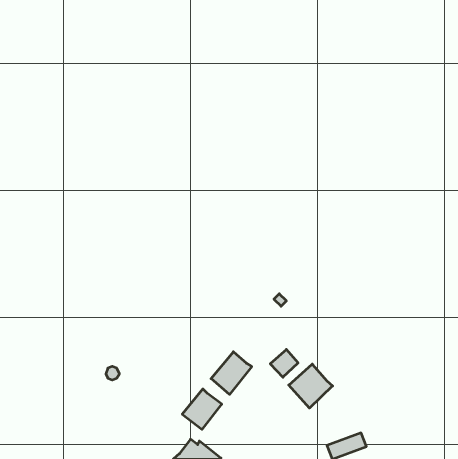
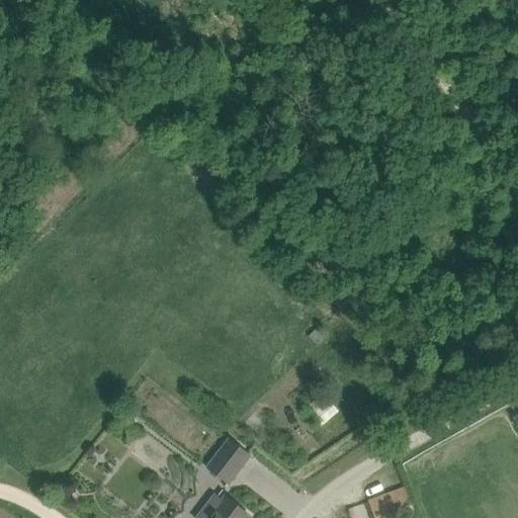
building: [211,352,252,394] -> none
building: [289,364,333,408] -> none

